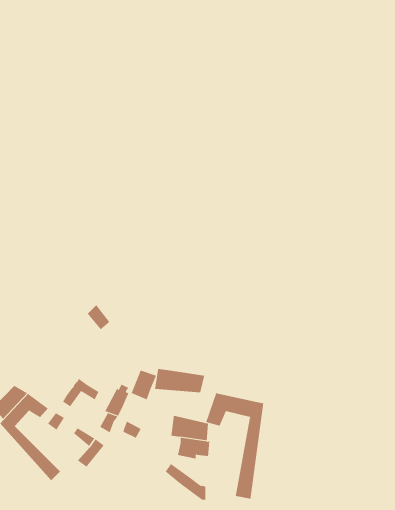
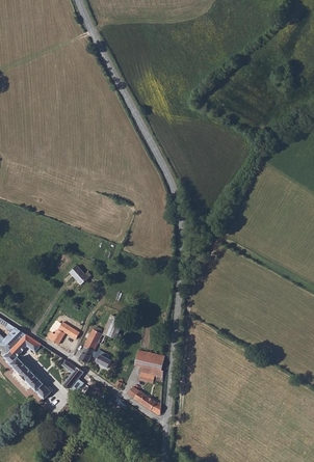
building: [154,368,205,393] -> none
building: [206,392,264,499] -> none

